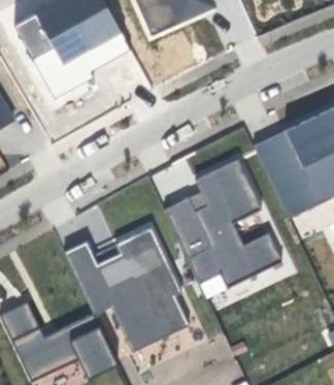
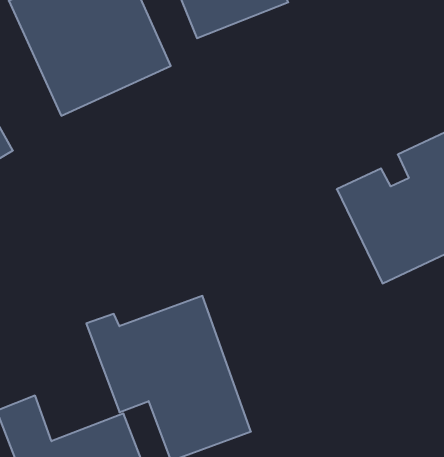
building: [166,159,282,295] -> none

